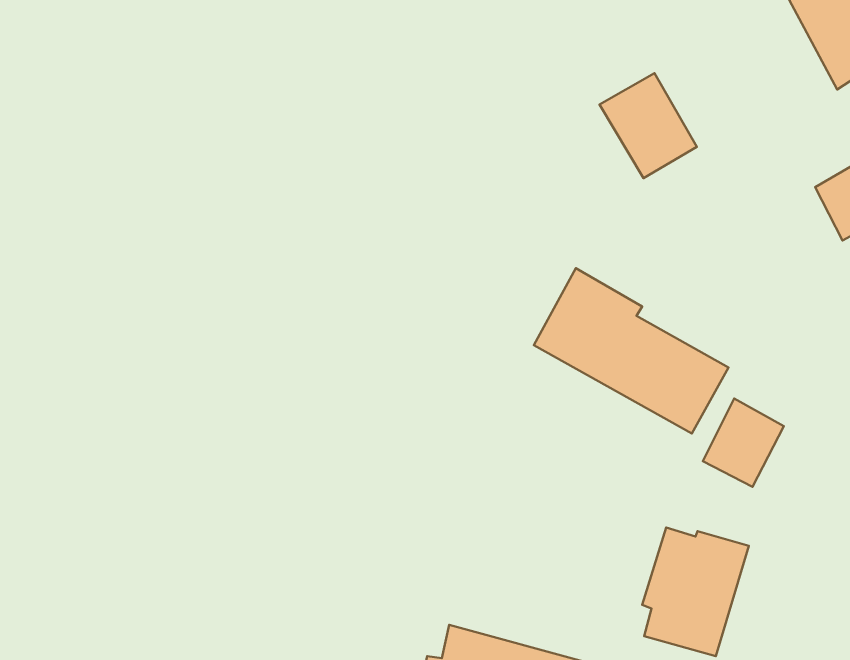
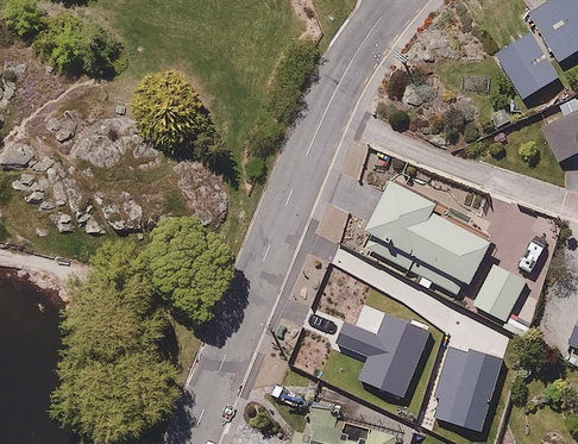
building: [599,73,697,178] -> [495,30,558,98]
building: none -> [337,313,431,398]

